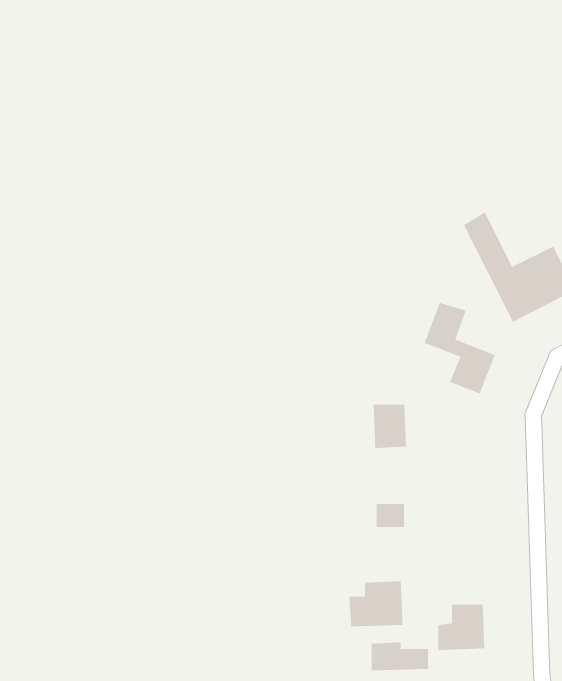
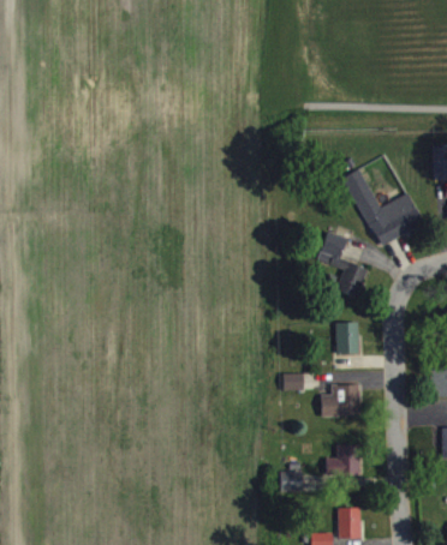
building: [373,404,407,449] -> [335,322,359,353]
building: [349,581,403,627] -> [321,384,359,417]

